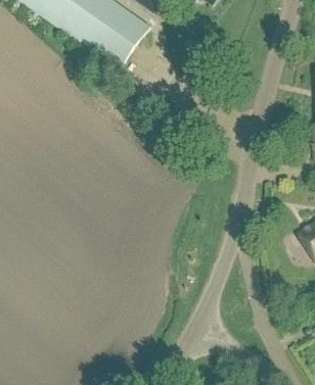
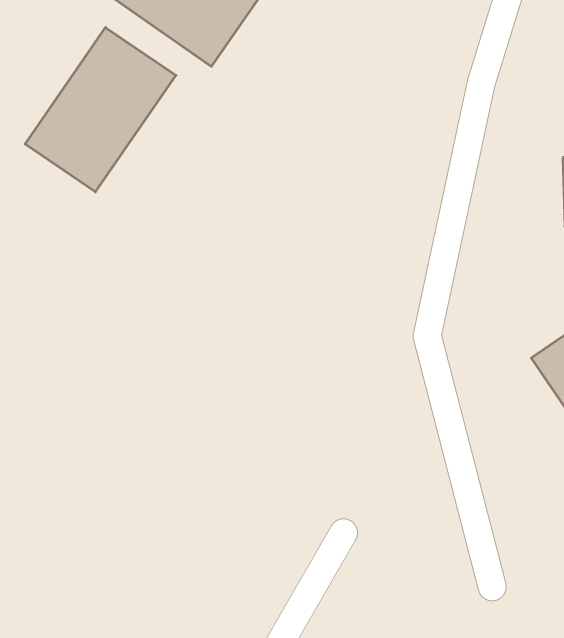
building: none -> [25,27,176,192]

